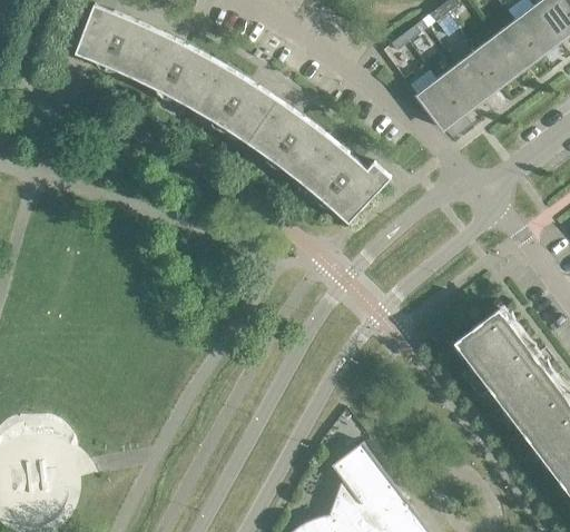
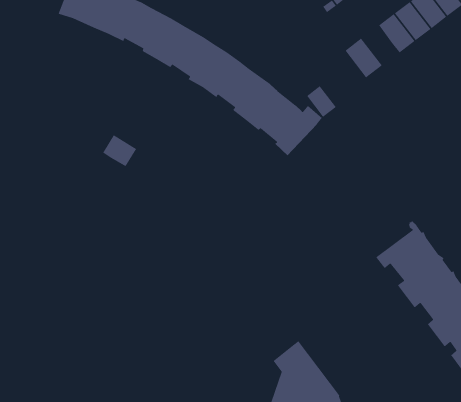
building: [436,67,482,115] -> none
building: none -> [306,85,337,118]
building: none -> [102,134,137,167]

